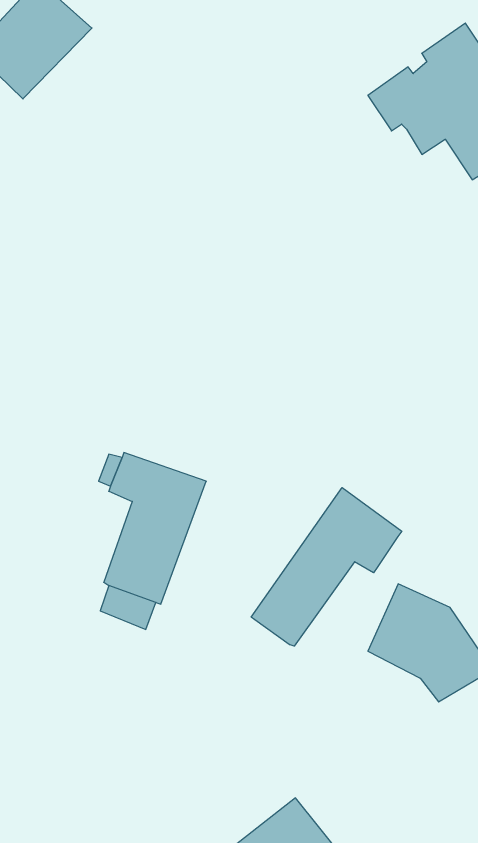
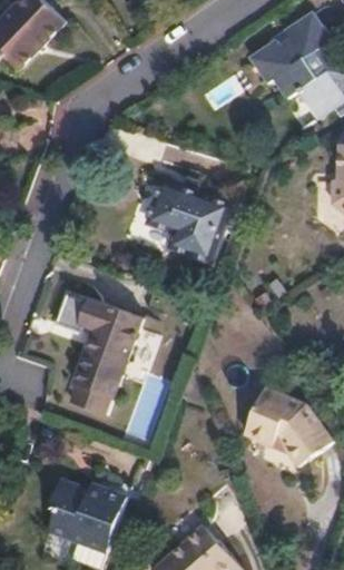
building: none -> [144,181,229,265]
building: [251,488,402,646] -> none
building: none -> [49,481,124,552]

